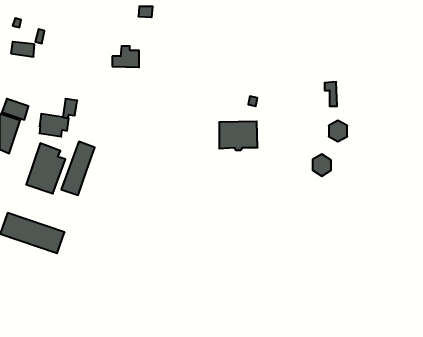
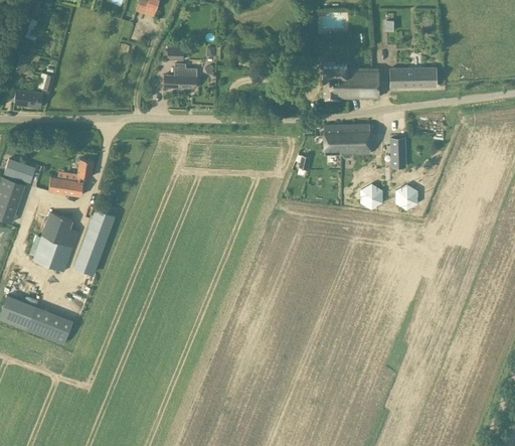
building: none -> [323,65,378,100]
building: none -> [389,67,437,88]
building: [112,46,139,67] -> [164,63,196,89]
building: [219,121,258,150] -> [324,124,370,158]
building: [313,154,331,176] -> [360,183,382,209]

